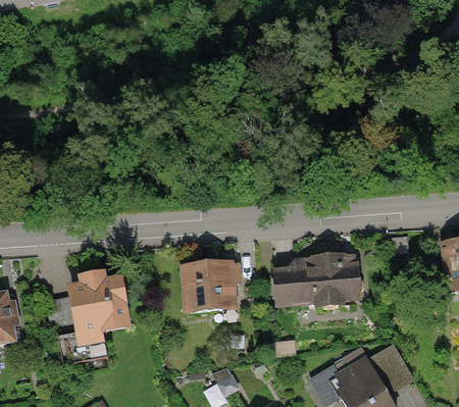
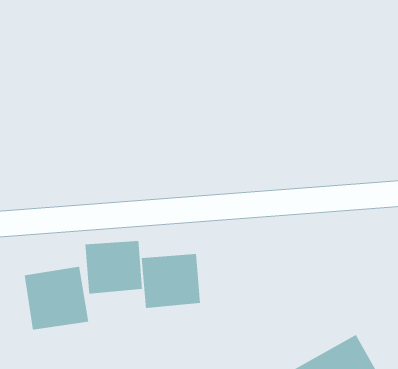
building: none -> [85,240,143,294]
building: [270,250,360,308] -> none

